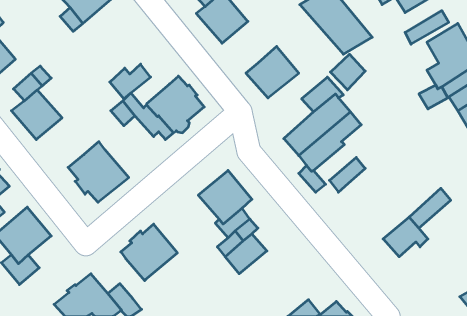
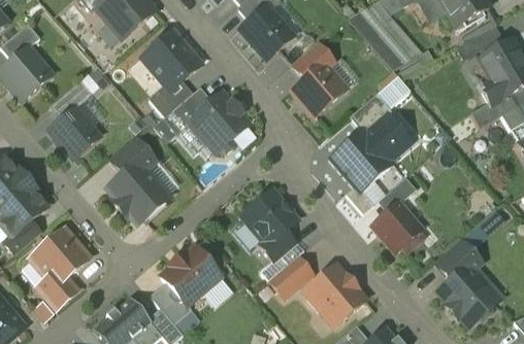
building: none -> [143,32,201,91]
building: none -> [292,41,333,79]
building: none -> [172,87,212,126]
building: none -> [110,137,155,174]
building: none -> [373,204,423,251]
building: none -> [305,265,366,326]
building: none -> [438,265,495,326]
building: none -> [151,282,192,323]

